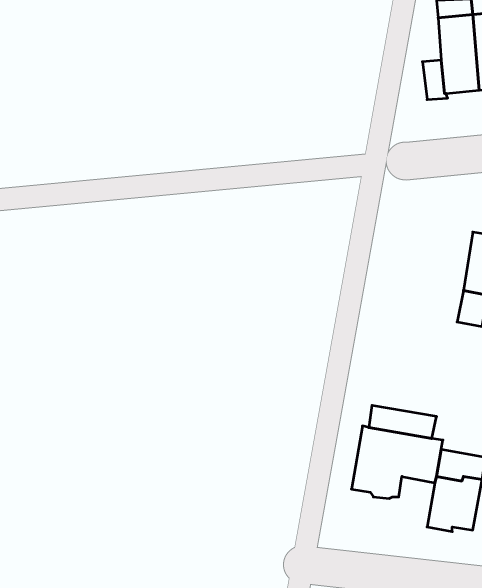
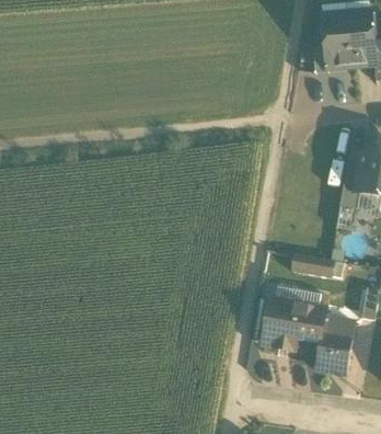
building: none -> [291,253,333,277]

